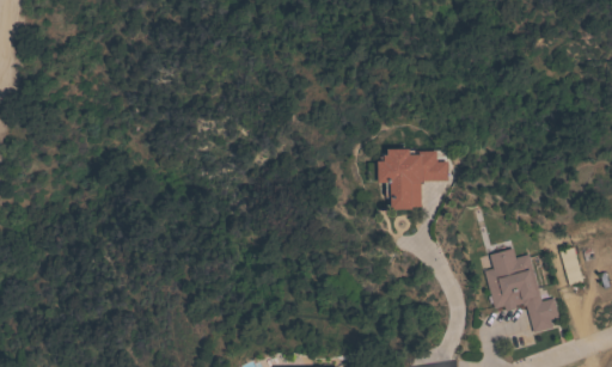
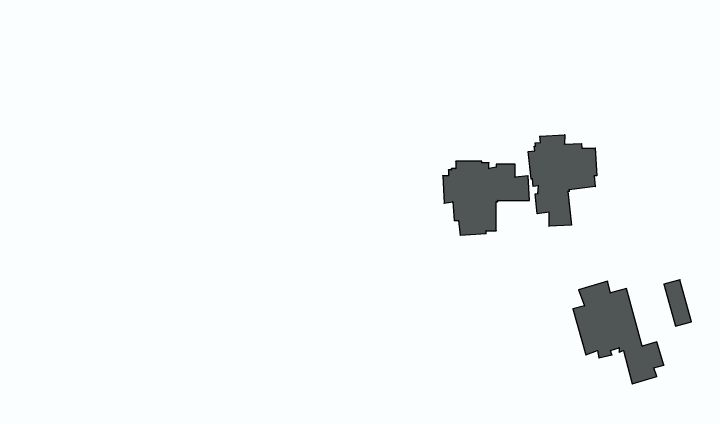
building: none -> [528,135,597,226]

